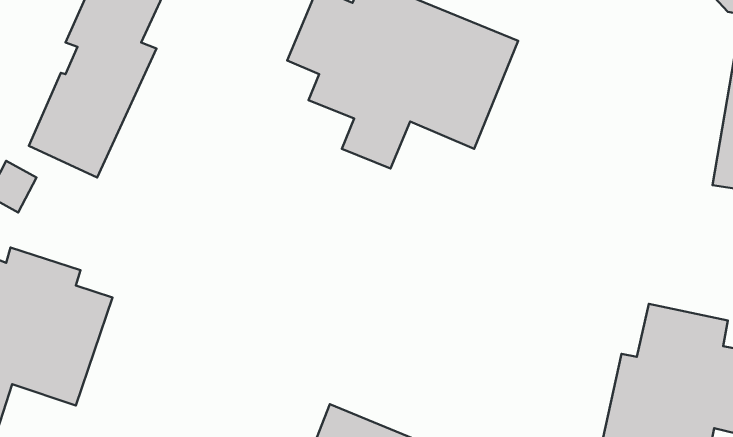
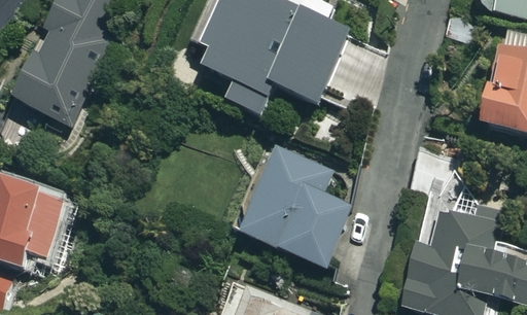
building: none -> [250,147,354,269]

